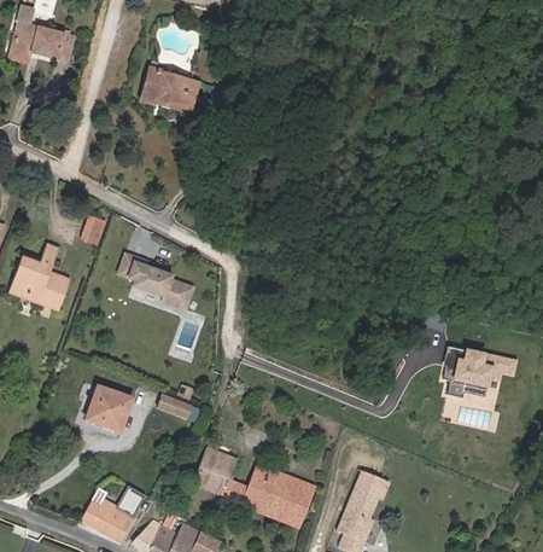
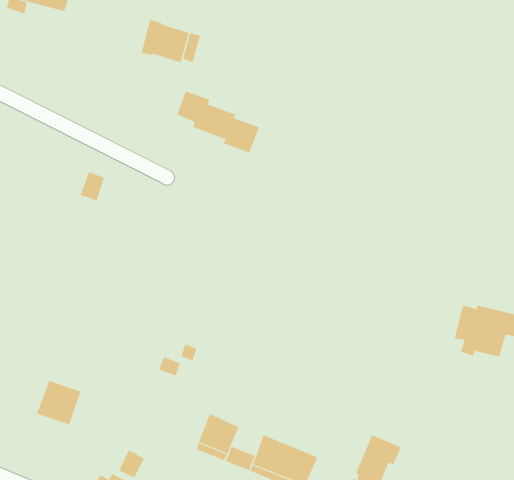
building: [11,244,68,307] -> none
building: [115,251,195,312] -> [176,91,260,153]
building: [87,385,130,429] -> [36,380,81,425]

